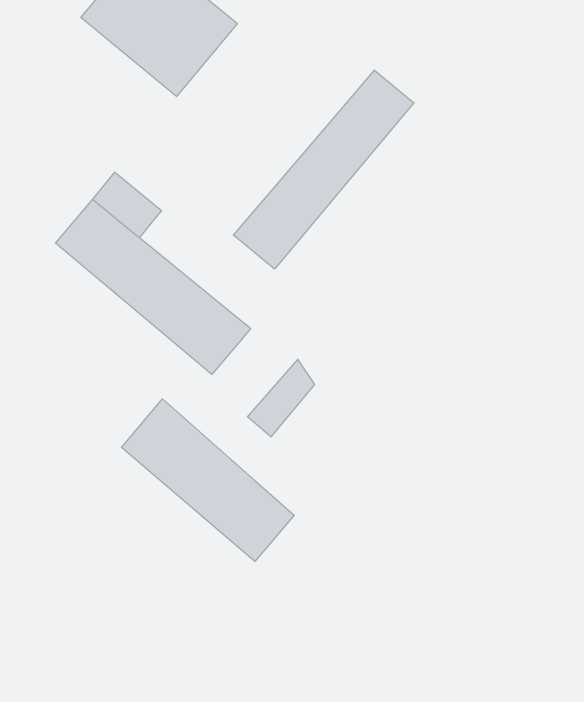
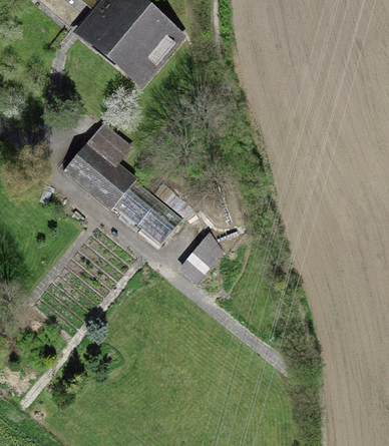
building: [233,70,414,269] -> none
building: [122,399,294,562] -> none

